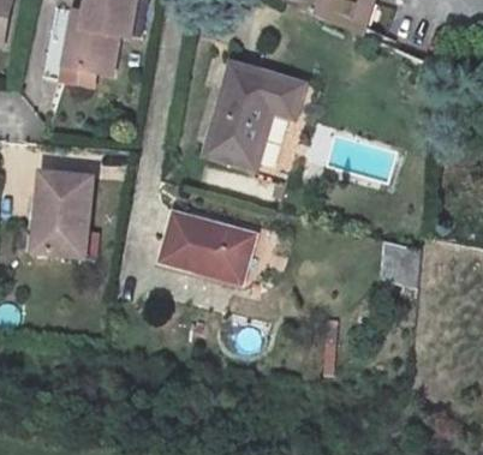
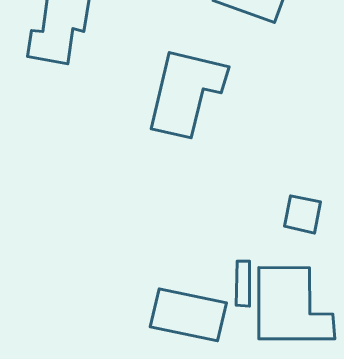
building: [42,174,96,256] -> none
building: [169,217,261,280] -> [150,289,227,341]
building: none -> [259,267,335,339]

